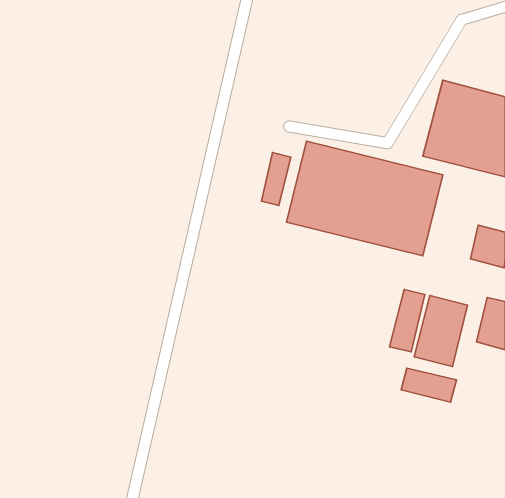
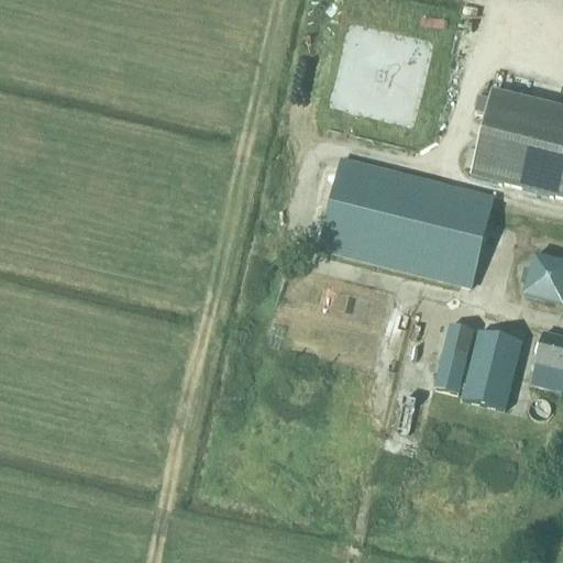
building: [261,152,291,206] -> none
building: [401,368,457,402] -> none

